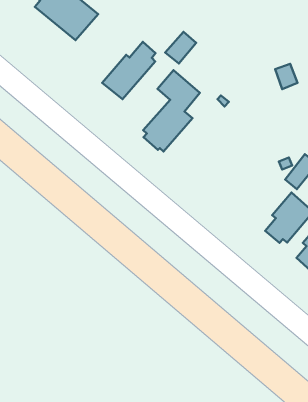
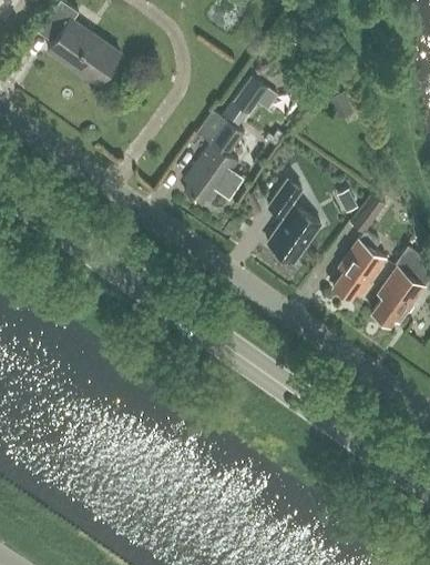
building: [165,32,196,63] -> [234,77,268,113]
building: [102,42,156,99] -> none
building: none -> [265,179,321,265]

